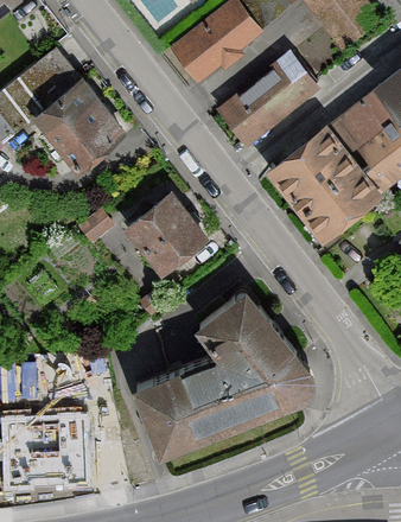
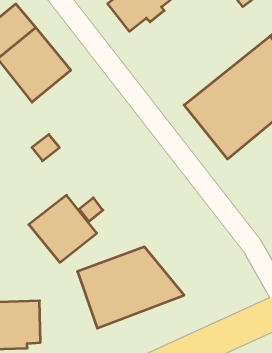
building: [217,51,314,142] -> none
building: [122,190,208,274] -> [29,195,97,262]
building: [196,287,314,413] -> none

